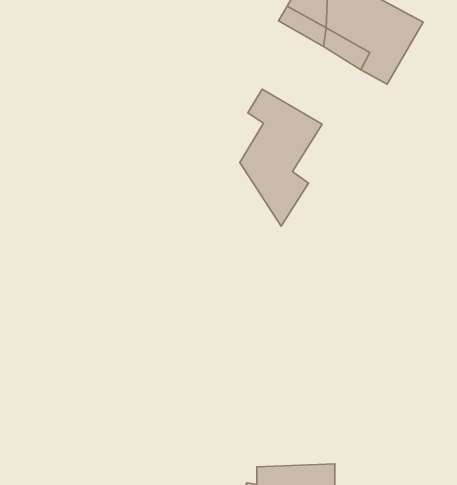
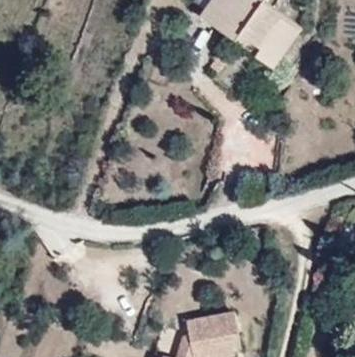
building: [240,89,322,226] -> none

